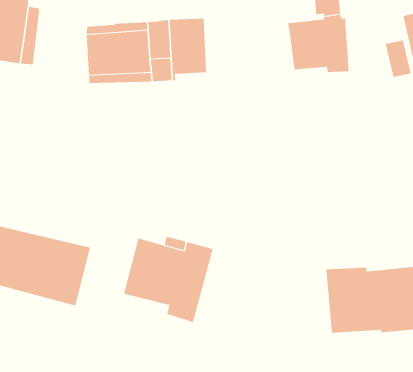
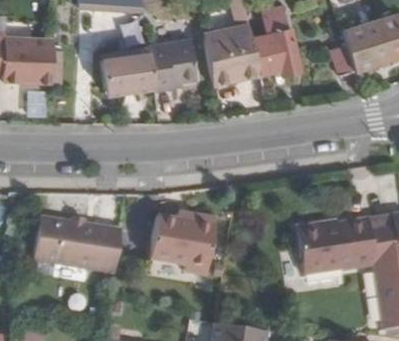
building: none -> [205,34,261,83]

